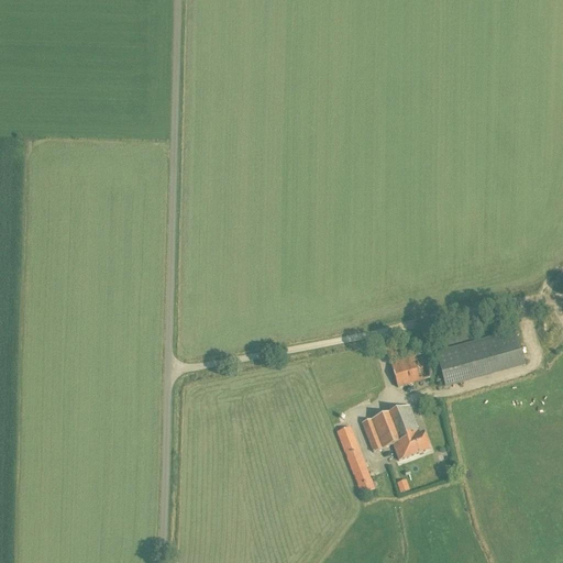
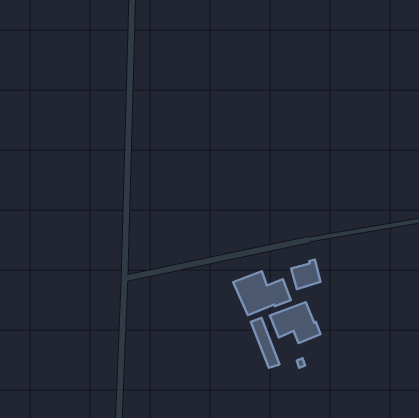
building: [437,330,523,384] -> none
building: none -> [233,271,291,315]

